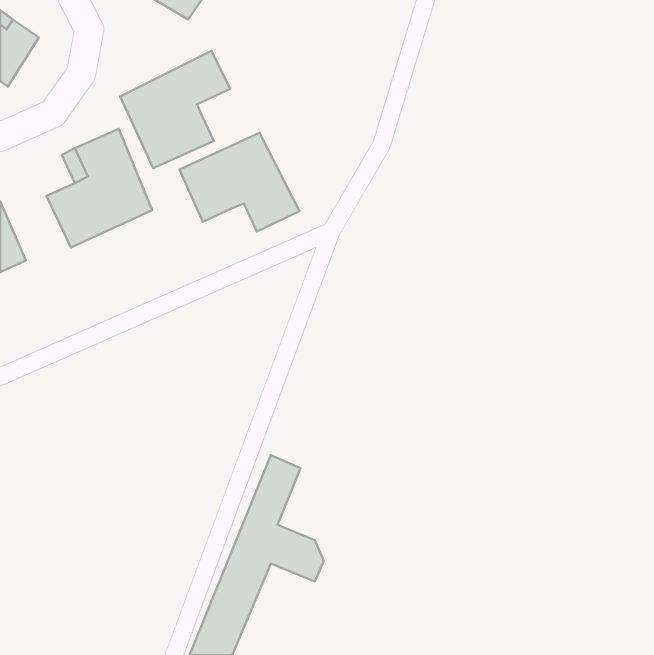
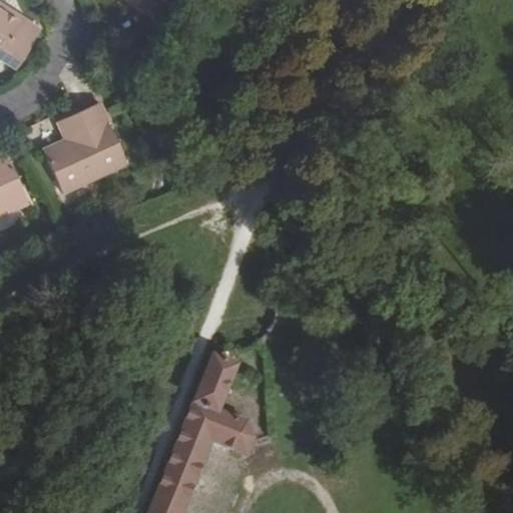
building: [120,51,230,168] -> none
building: [180,133,299,232] -> none

